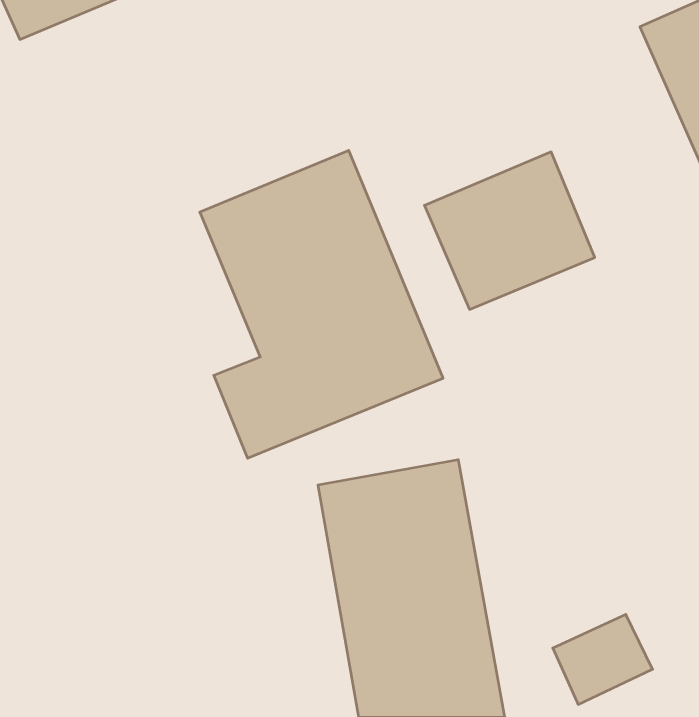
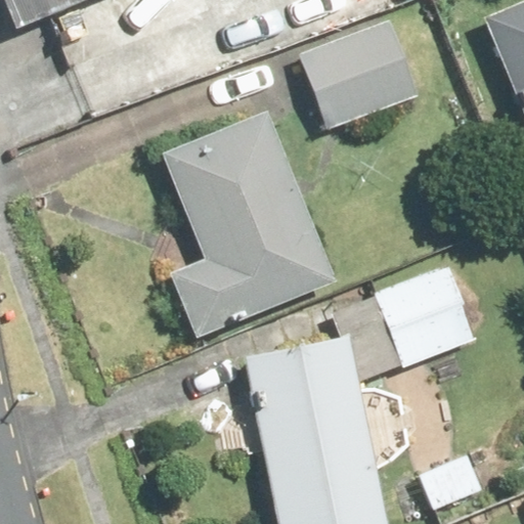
building: [424,152,595,309] -> [302,20,426,135]
building: none -> [376,263,487,368]

